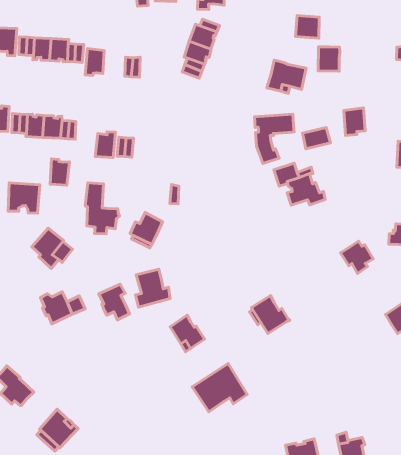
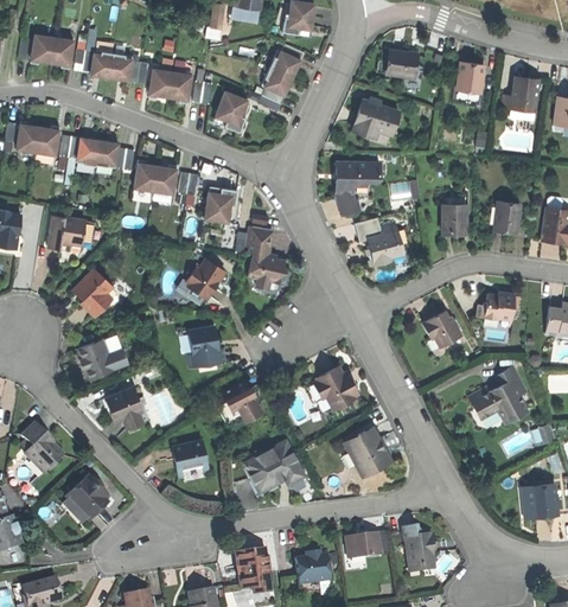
building: [318,47,340,71] -> [457,60,483,90]
building: none -> [167,74,191,106]
building: none -> [213,94,247,135]
building: [344,108,365,135] -> [442,204,465,234]
building: none -> [203,191,236,224]
building: [50,159,69,185] -> [133,162,157,193]
building: [85,183,120,234] -> [247,228,285,287]
building: [99,284,130,320] -> [108,388,141,428]
building: none -> [347,428,390,477]
building: none -> [171,440,205,469]

